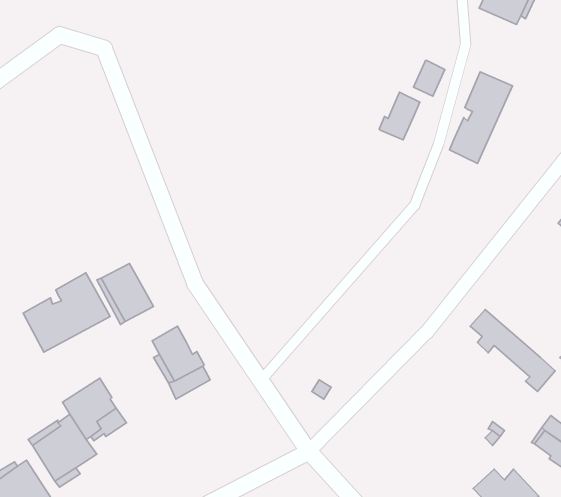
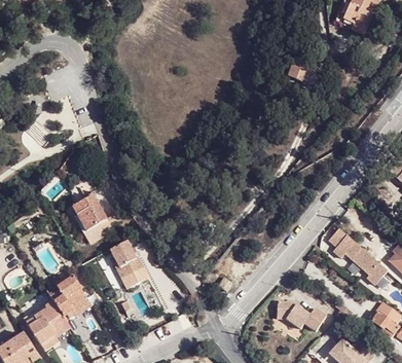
building: [450,72,512,163] -> none
building: [379,92,420,140] -> none
building: [23,273,110,352] -> none
building: none -> [273,304,322,333]

